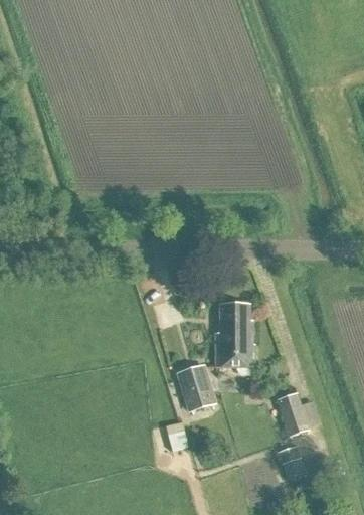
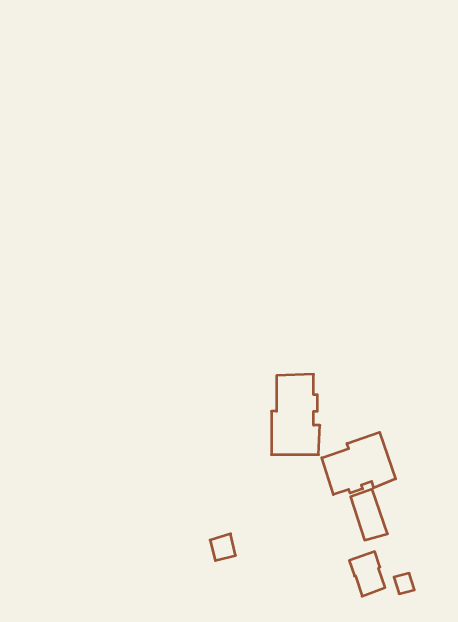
building: none -> [322,432,396,495]
building: [176,362,216,410] -> none

